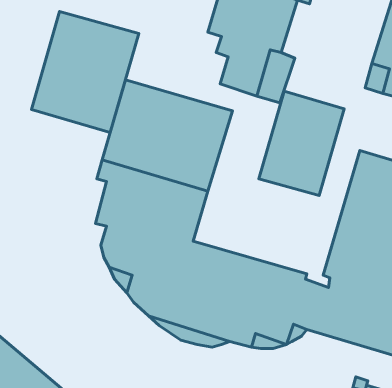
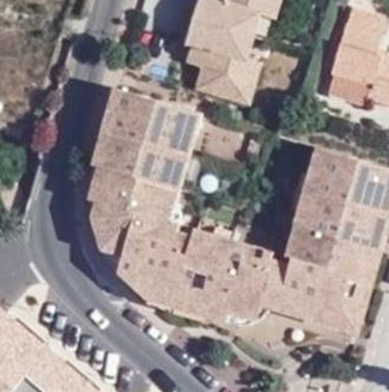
building: [32,12,139,132] -> none
building: [259,91,344,195] -> none

